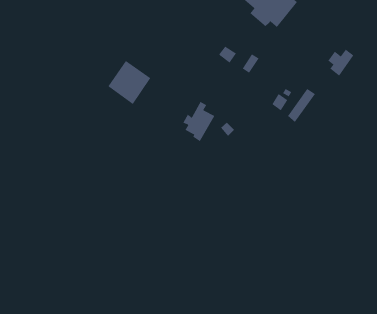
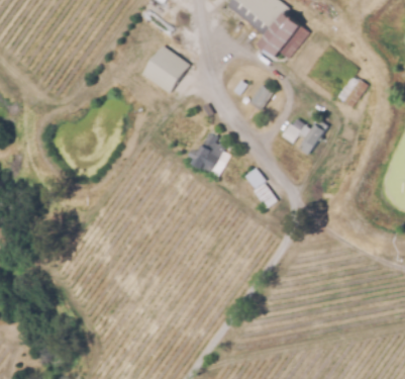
building: [108,60,151,105] -> [143,46,188,92]
building: none -> [245,168,277,207]

